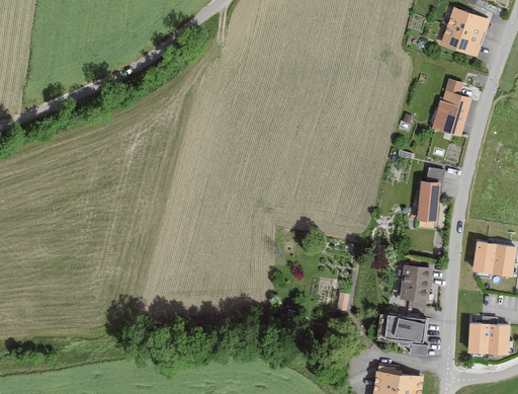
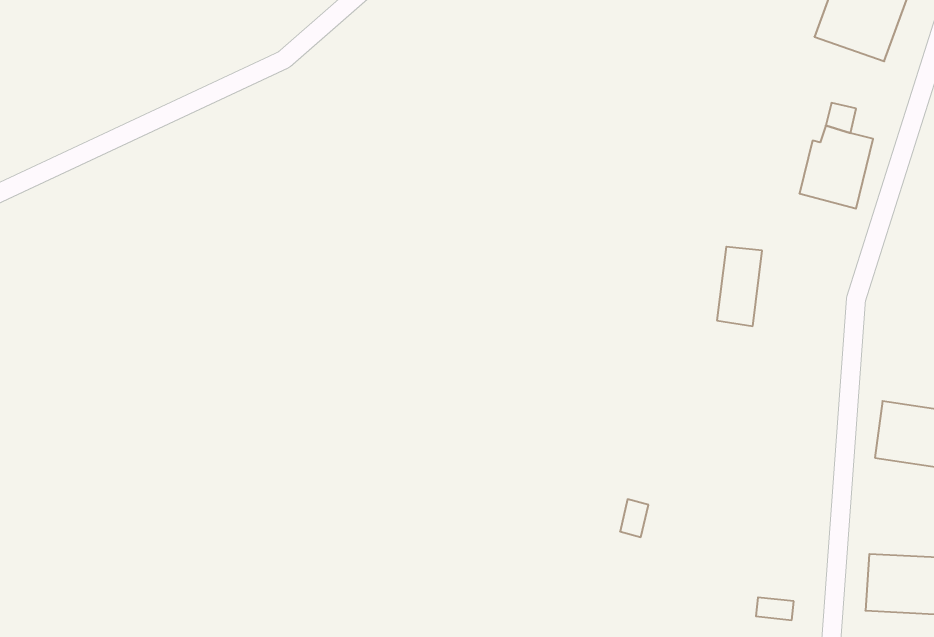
building: [416,179,440,222] -> [717,247,762,326]
building: [400,264,433,302] -> none
building: [383,313,426,342] -> none

